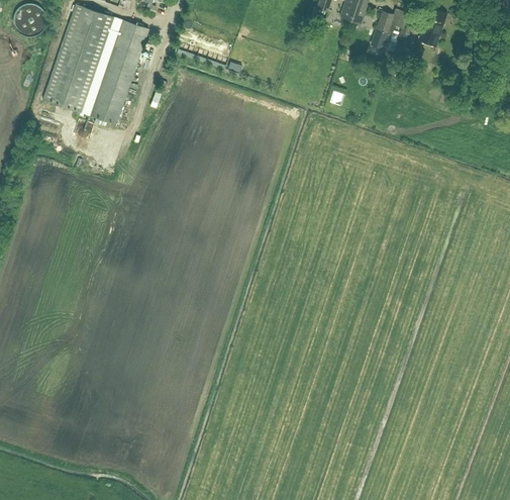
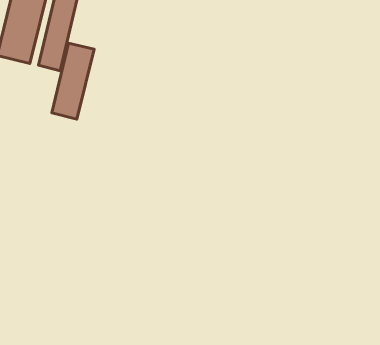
building: none -> [52,43,94,119]

